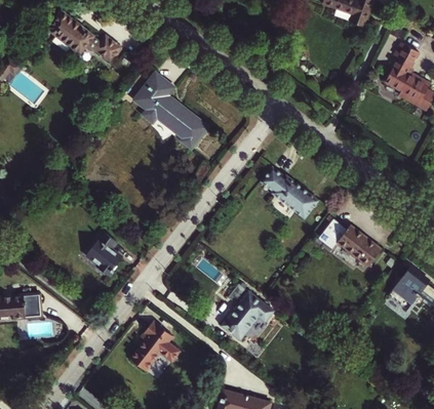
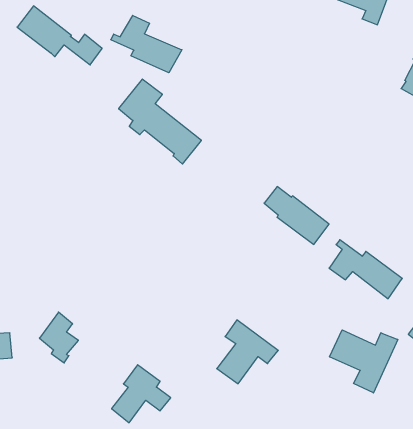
building: none -> [111,15,182,73]
building: [89,232,123,276] -> [39,312,78,363]
building: none -> [330,330,398,393]

